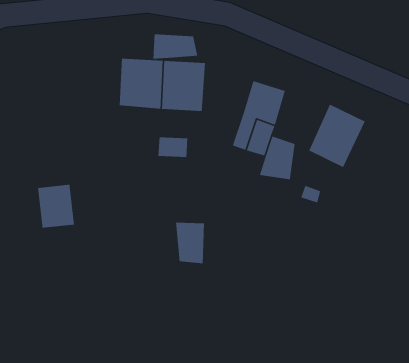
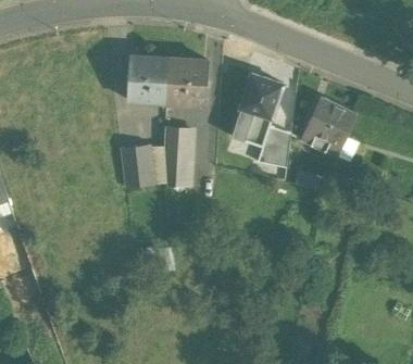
building: [153,33,198,59] -> none
building: [37,184,75,229] -> [120,145,154,186]
building: [175,222,205,264] -> [163,146,190,185]

